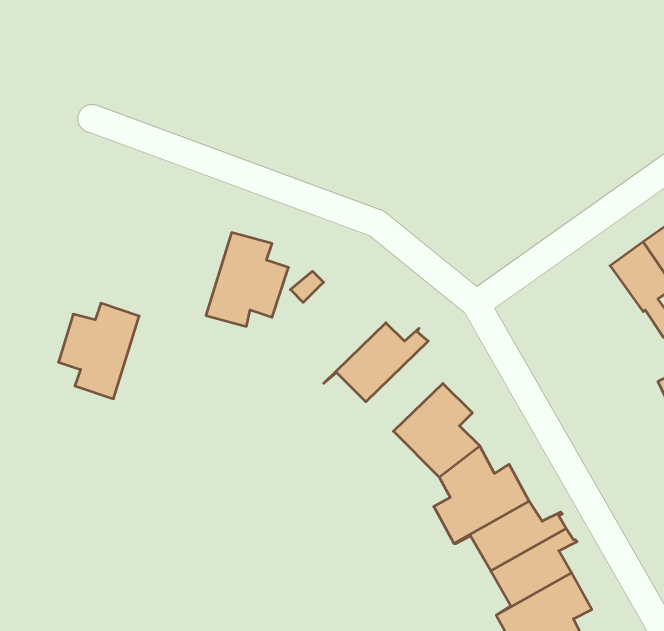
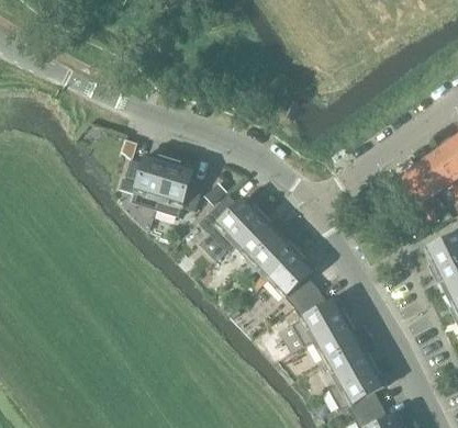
building: none -> [199,194,262,250]
building: [58,303,139,399] -> [122,153,170,210]
building: none -> [250,225,297,279]

